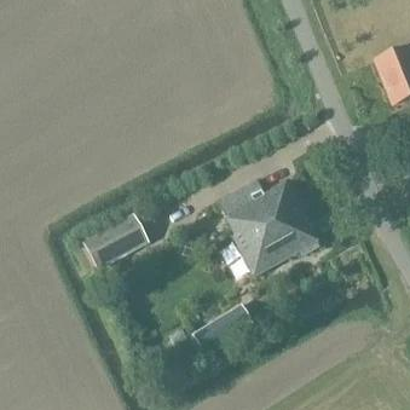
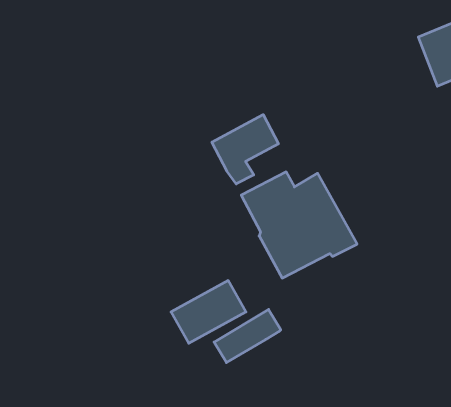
building: none -> [212,115,278,184]
building: [82,213,149,268] -> [171,281,246,343]

